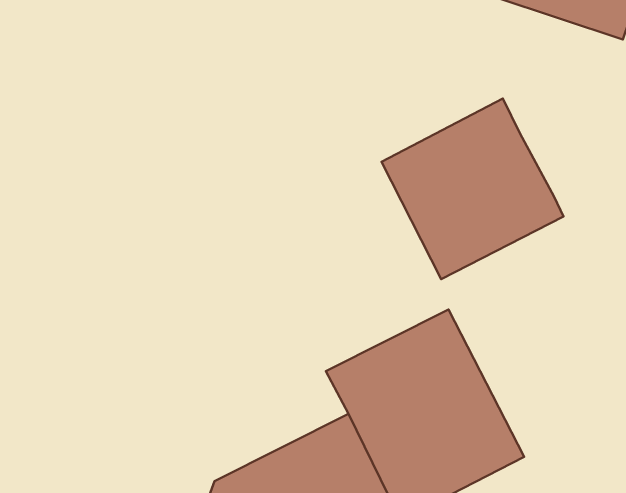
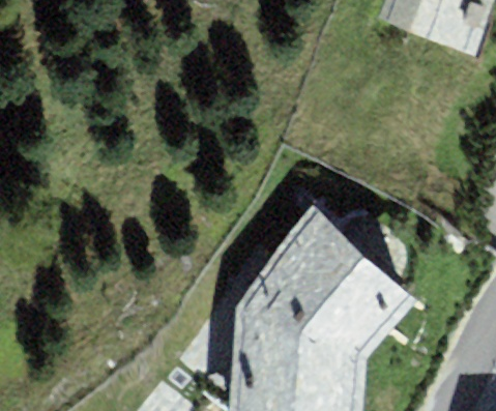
building: [382,98,564,279] -> none

